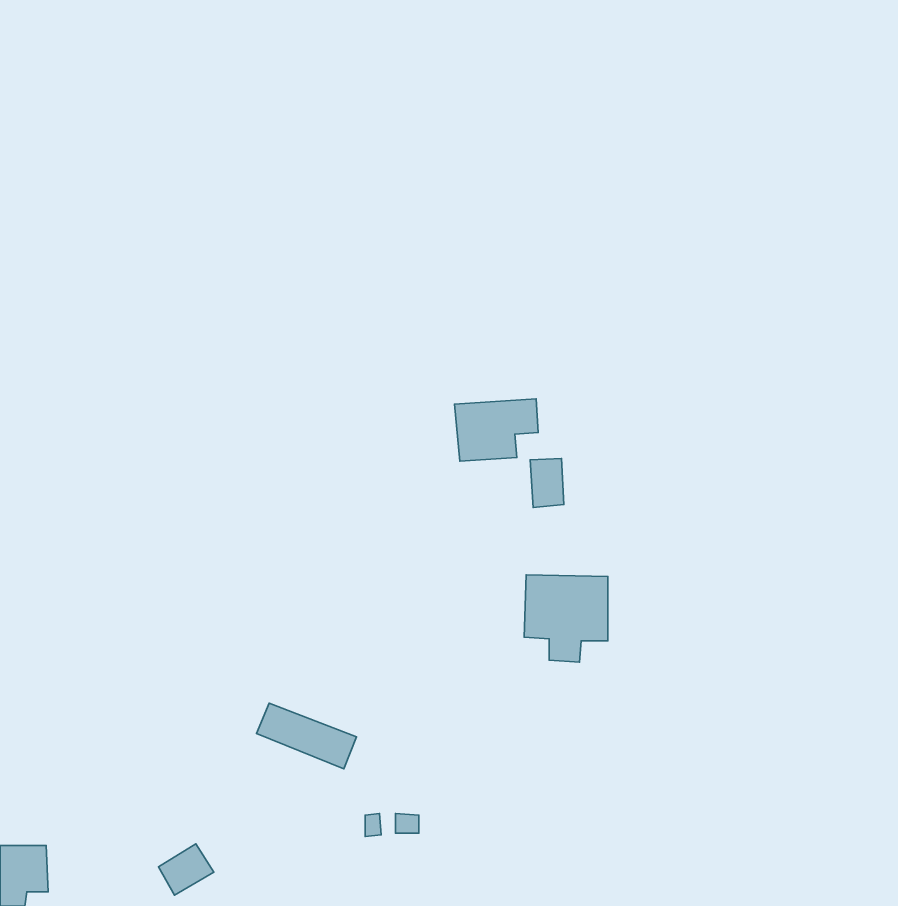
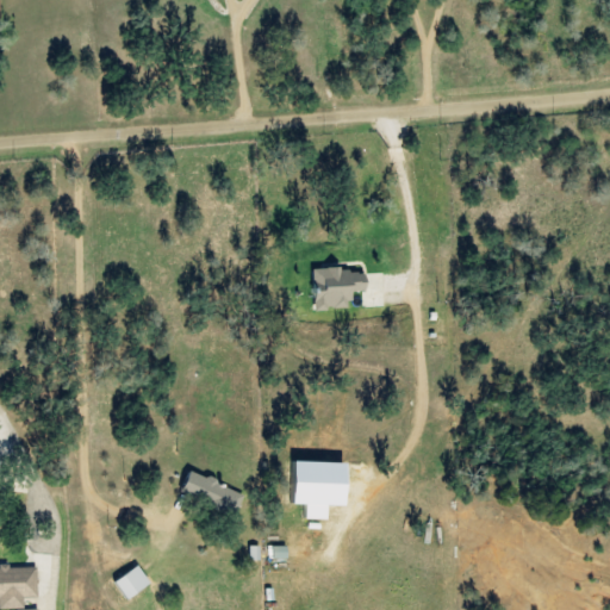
building: [530,459,564,507] -> none
building: [524,575,608,662] -> [285,461,341,519]

